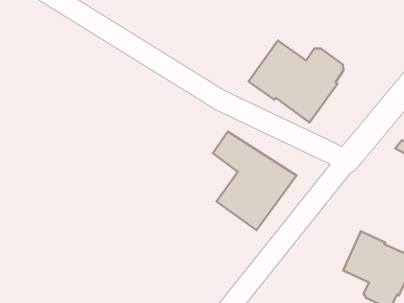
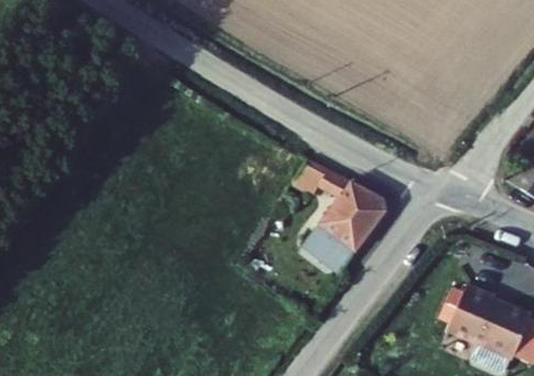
building: [248,41,344,123] -> none

